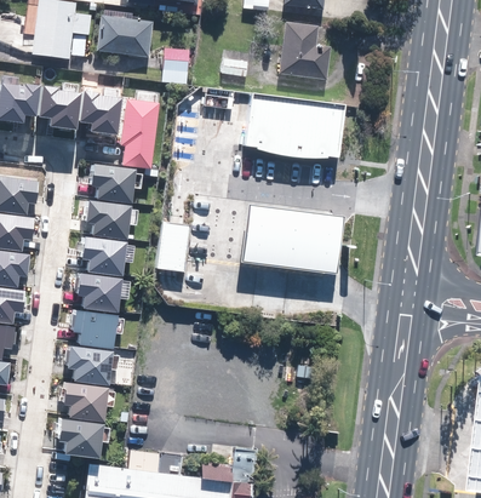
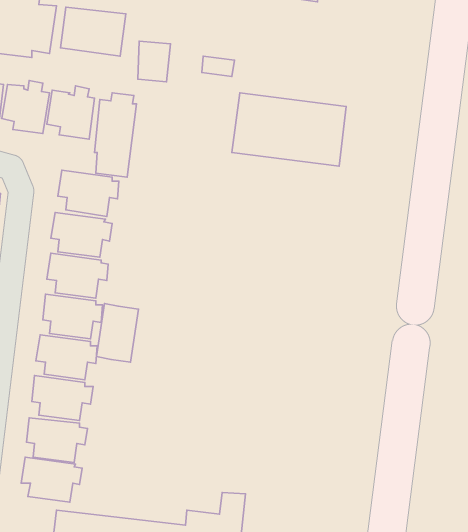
building: [273,22,327,81] -> none
building: [240,202,343,273] -> none
building: [155,219,193,271] -> [96,304,138,362]

